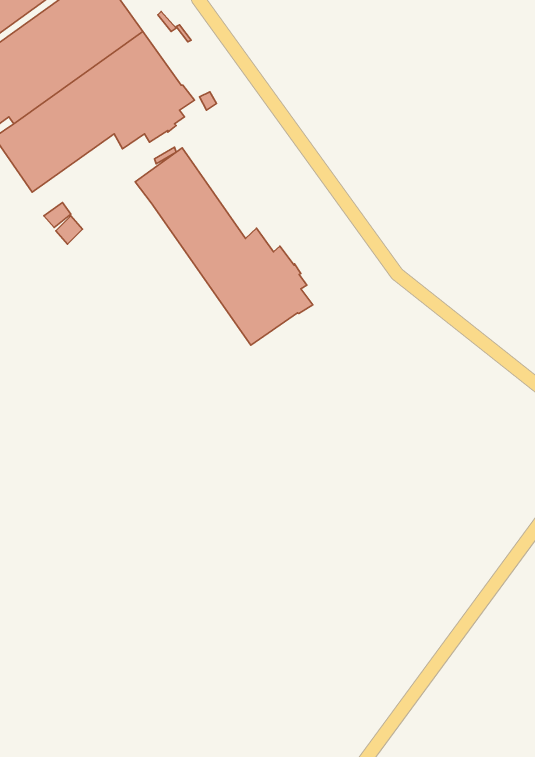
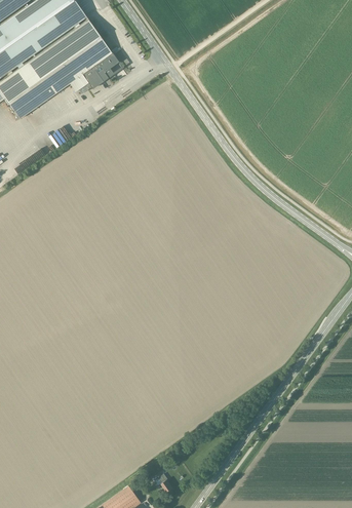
building: [135,148,313,345] -> none

